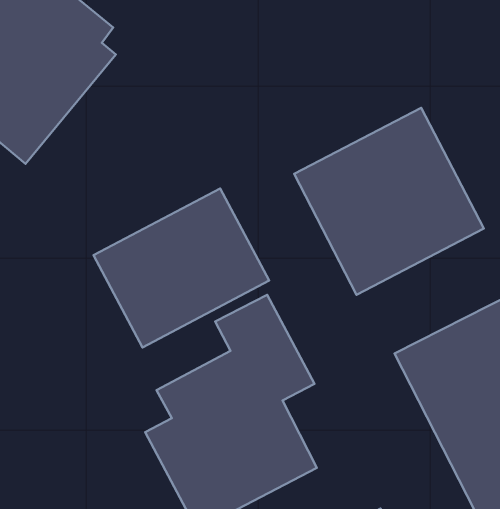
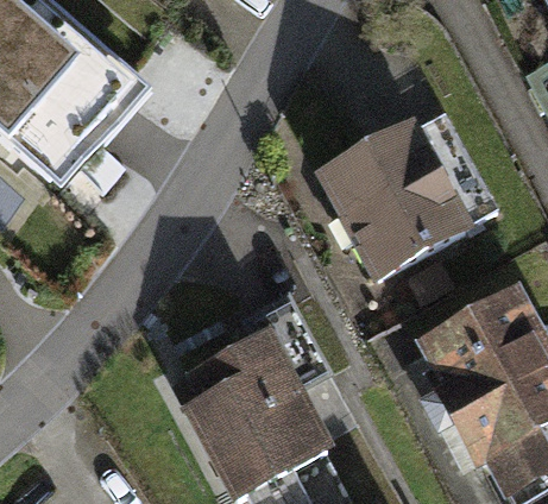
building: [93,188,269,347] -> none

